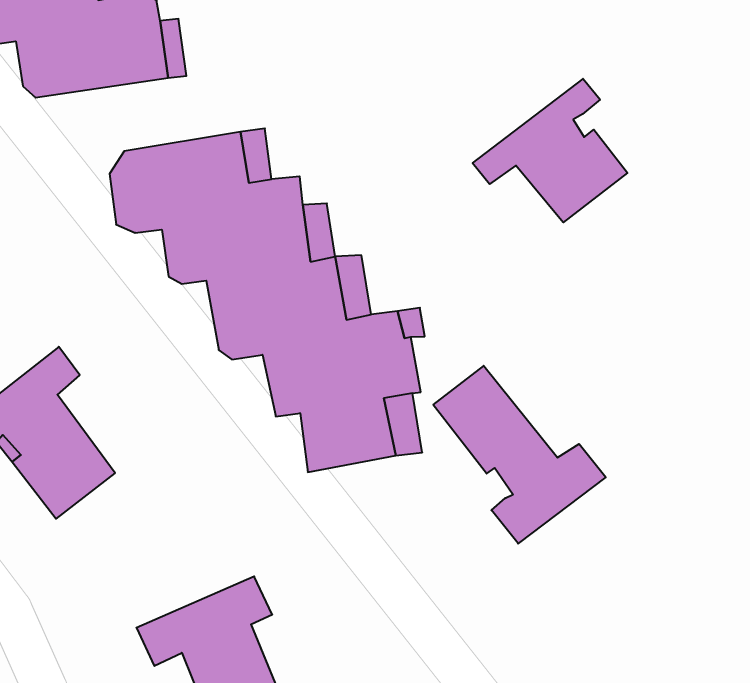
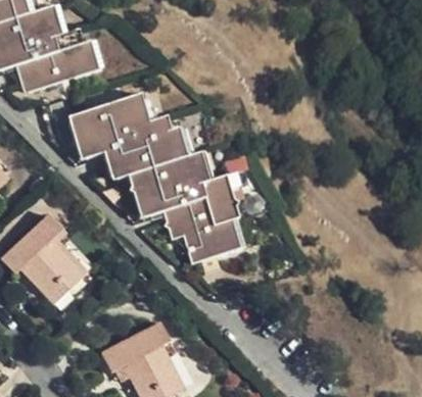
building: [473,79,627,222] -> none
building: [433,366,606,544] -> none

